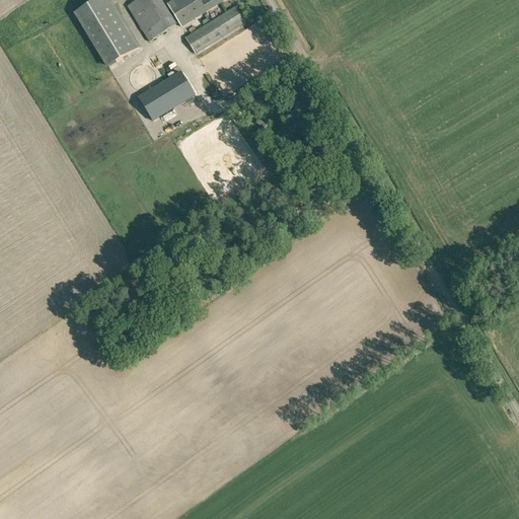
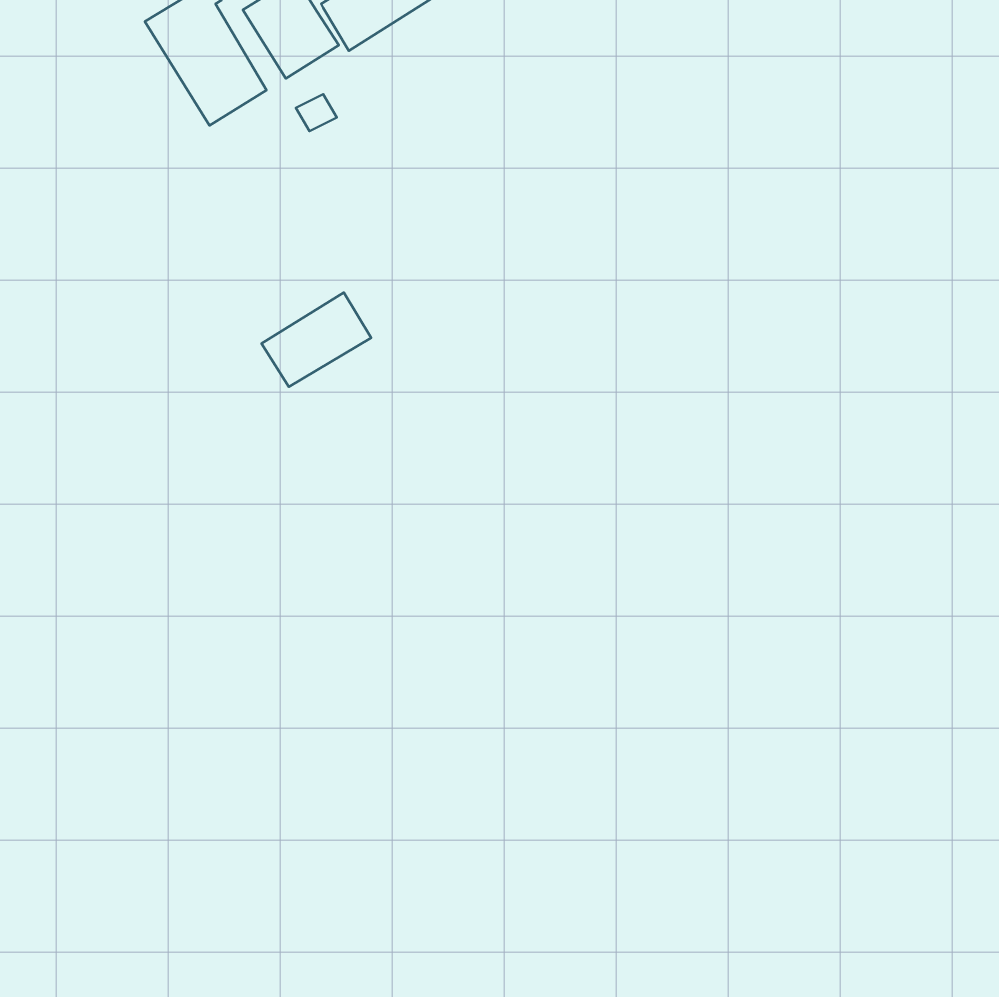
building: [183,5,244,53] -> none
building: [137,70,194,119] -> [261,293,371,387]

